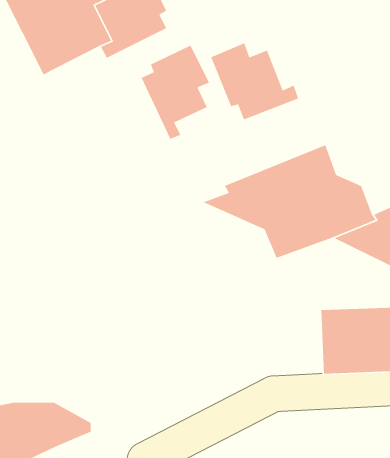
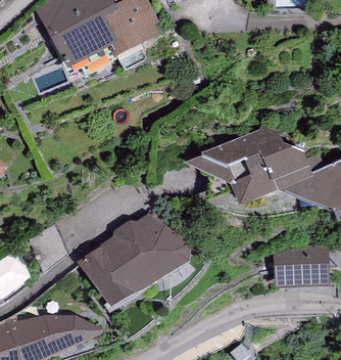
building: [210,42,299,120] -> none
building: [140,44,210,140] -> none
building: none -> [78,213,190,311]

